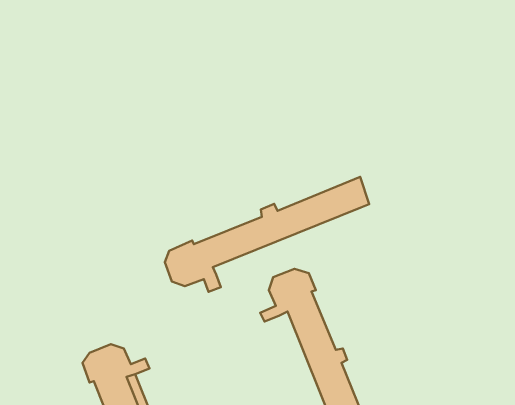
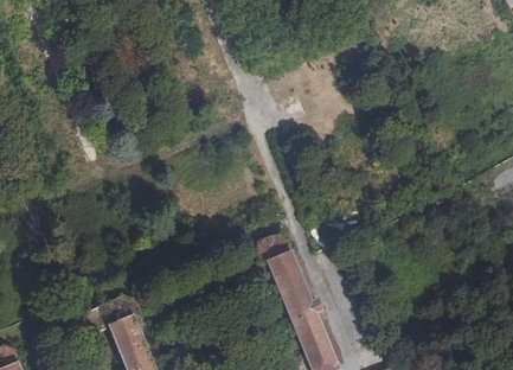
building: [165,177,369,292] -> none

